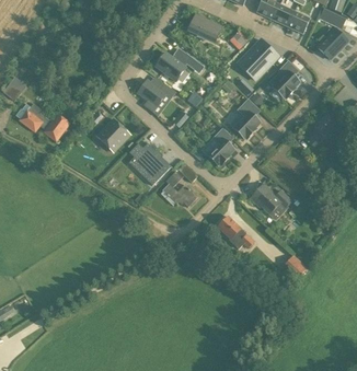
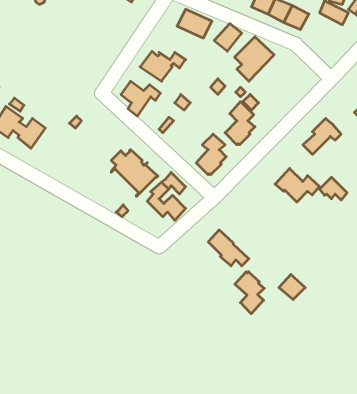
building: [318,28,347,59] -> none
building: [269,60,300,97] -> none
building: [97,118,129,151] -> none
building: [251,184,291,215] -> [275,168,319,202]
building: none -> [235,272,264,314]

